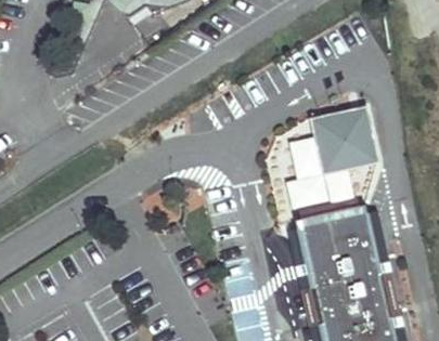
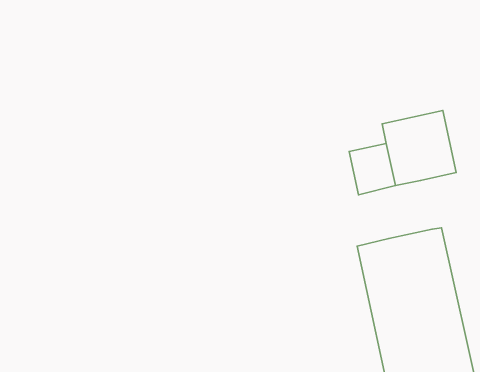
building: [287,169,358,217] -> none

